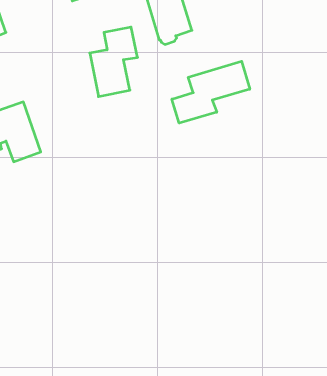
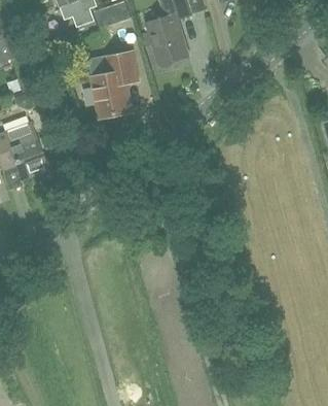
building: [172,61,250,123] -> none

